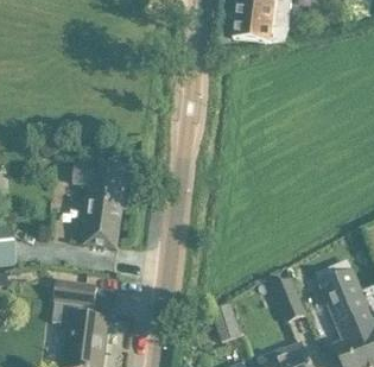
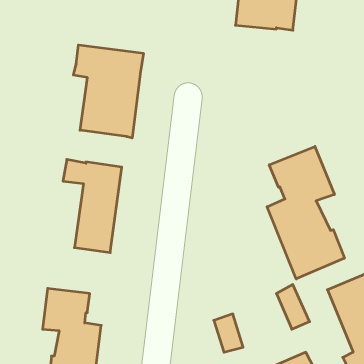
building: none -> [73,45,143,138]
building: none -> [267,146,344,279]

